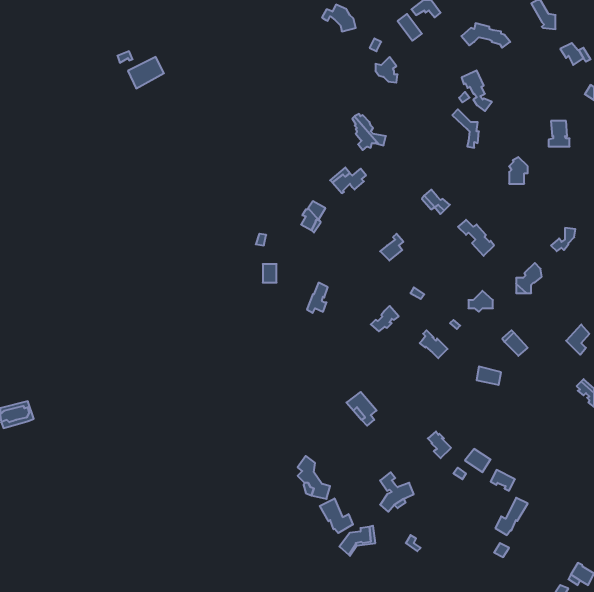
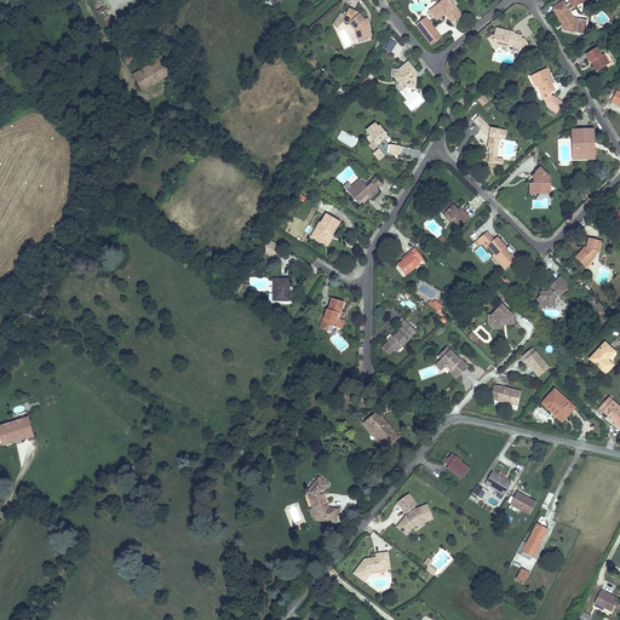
building: [462,70,492,111] -> [529,67,561,109]
building: none -> [541,388,575,419]
building: [320,498,353,533] -> none

